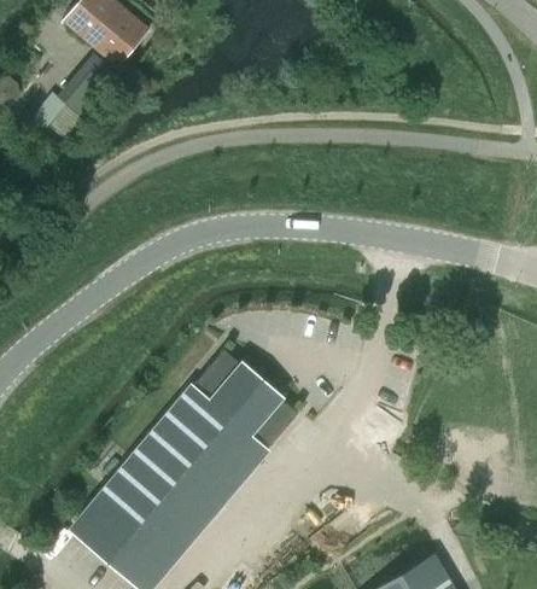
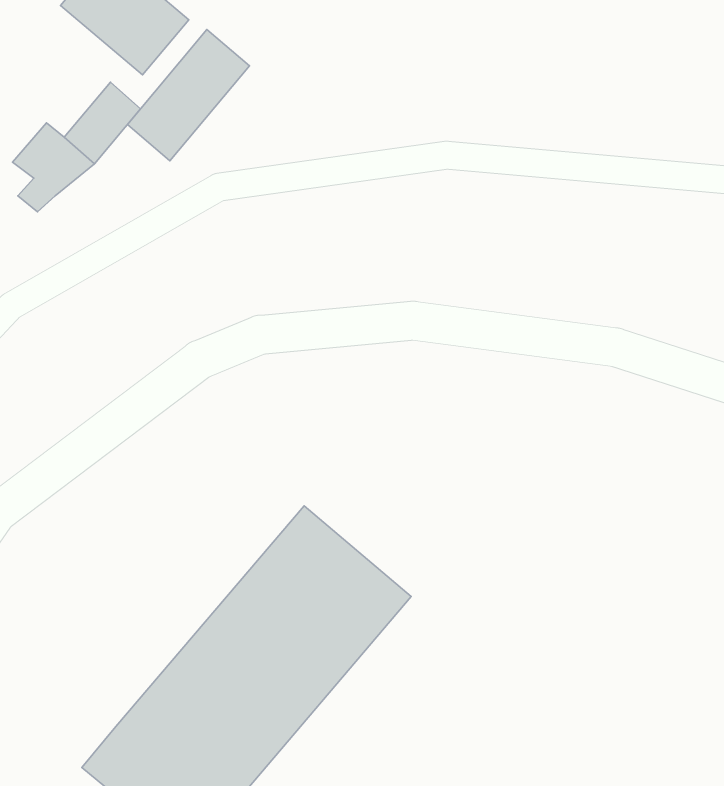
building: none -> [127,30,249,161]

